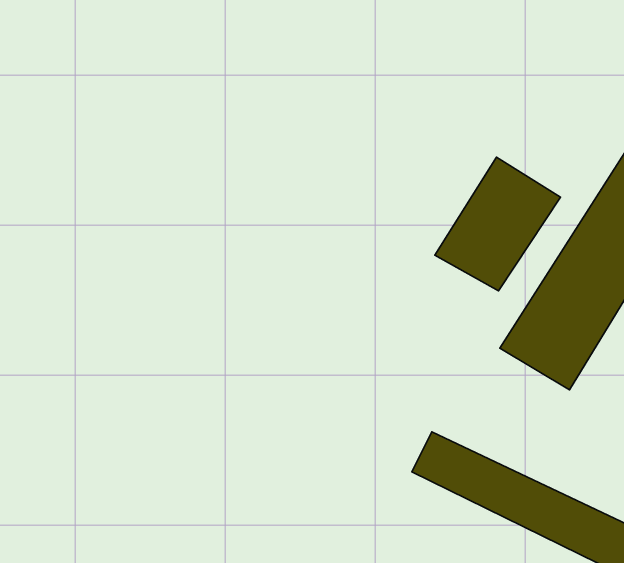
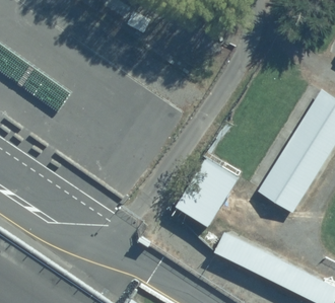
building: [435,157,560,291] -> [174,158,238,226]

